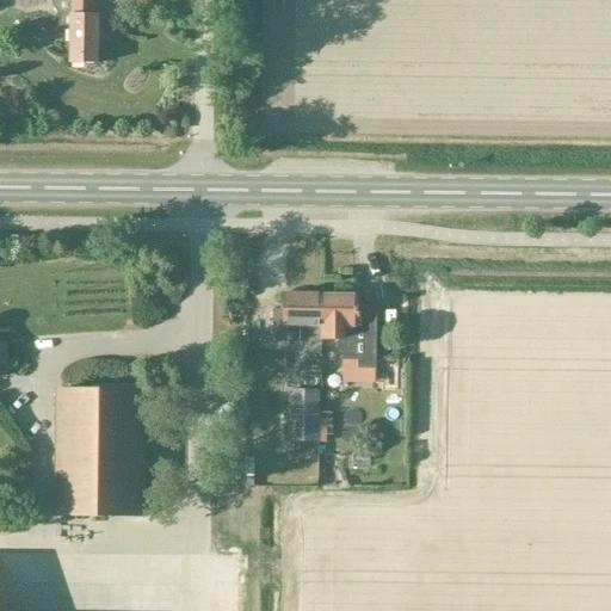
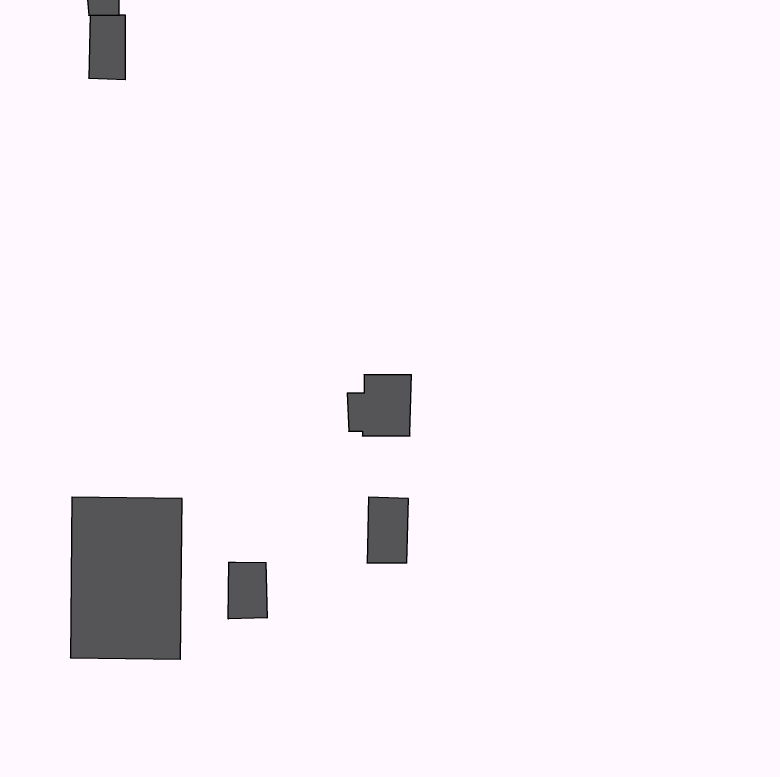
building: [320,292,374,368] -> none
building: none -> [228,562,267,619]

